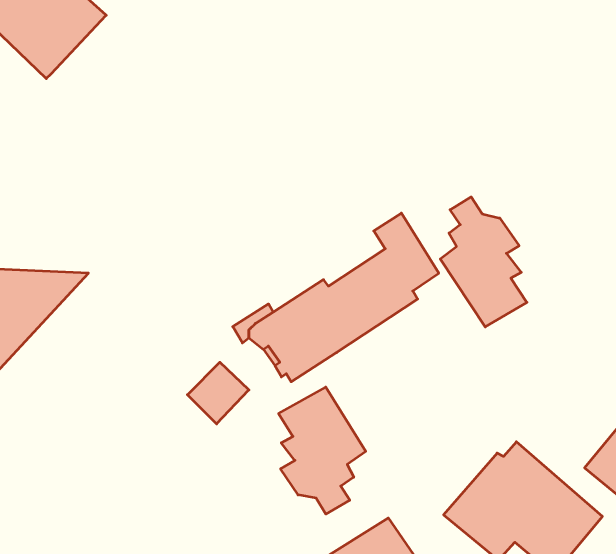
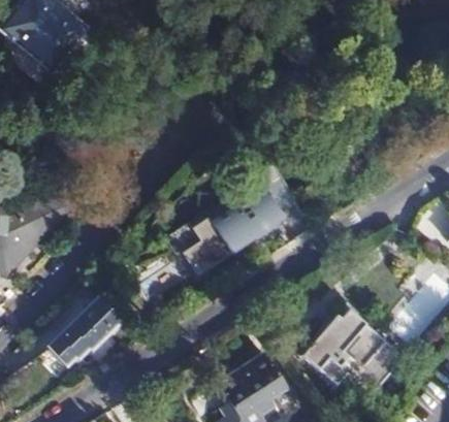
building: [440,197,527,327] -> none
building: [279,387,366,514] -> none
building: none -> [54,296,124,363]

